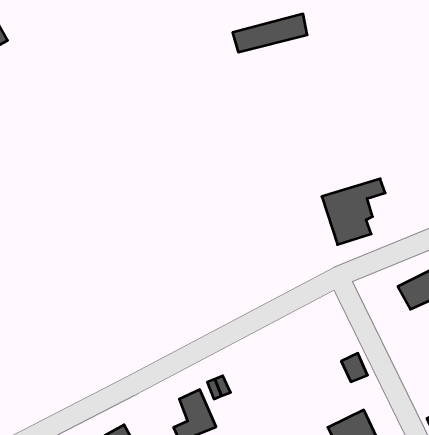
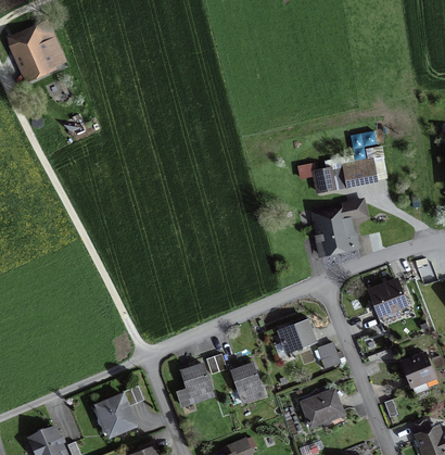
building: [233,14,307,52] -> [314,161,374,188]
building: none -> [279,321,313,349]
building: none -> [231,366,260,400]

